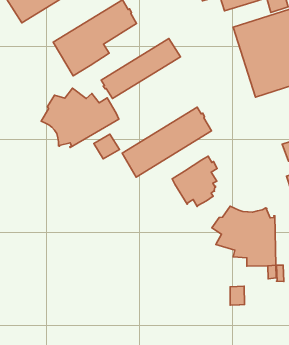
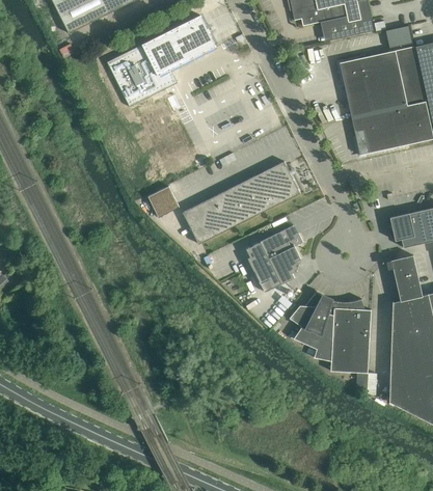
building: [101,39,180,98] -> none
building: [41,88,119,147] -> none
building: [230,286,244,305] -> none

